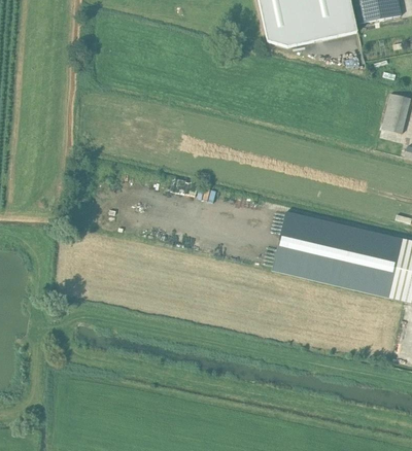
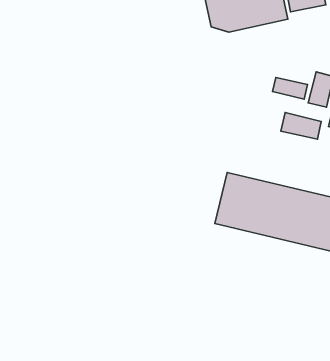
building: none -> [273,78,308,99]
building: none -> [281,113,321,139]

